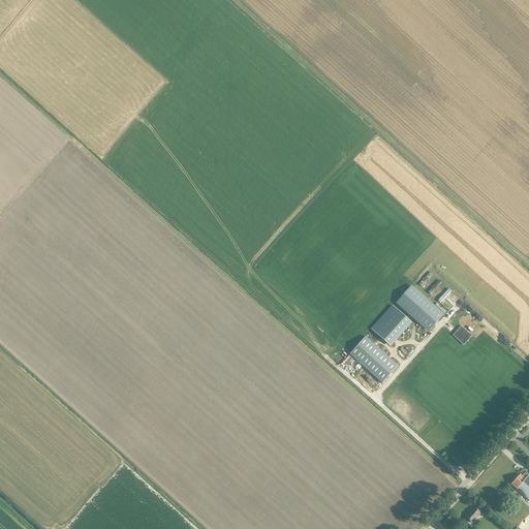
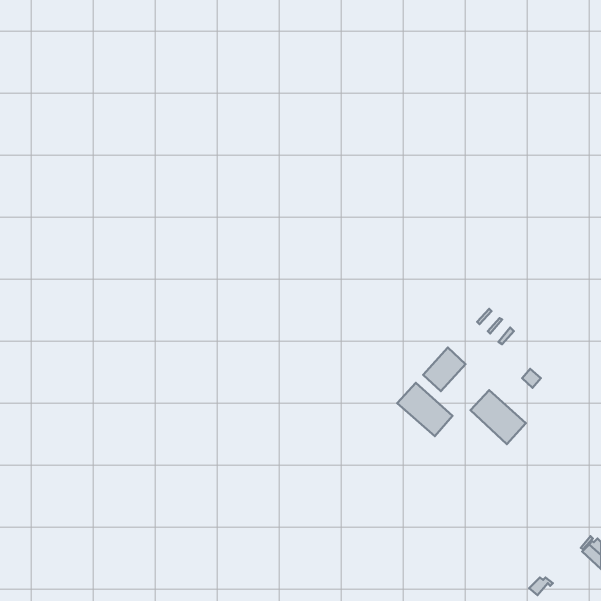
building: [395,284,443,332] -> [470,390,526,444]

